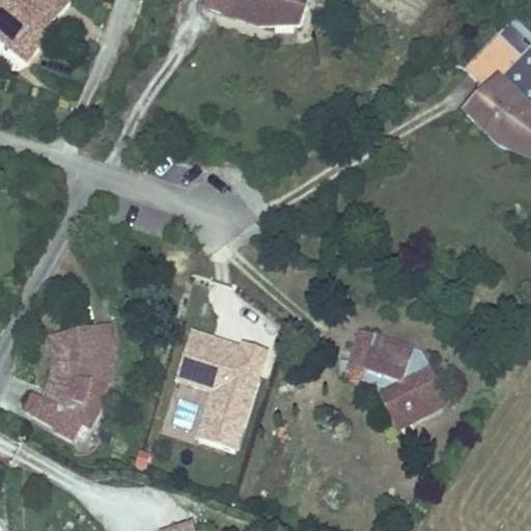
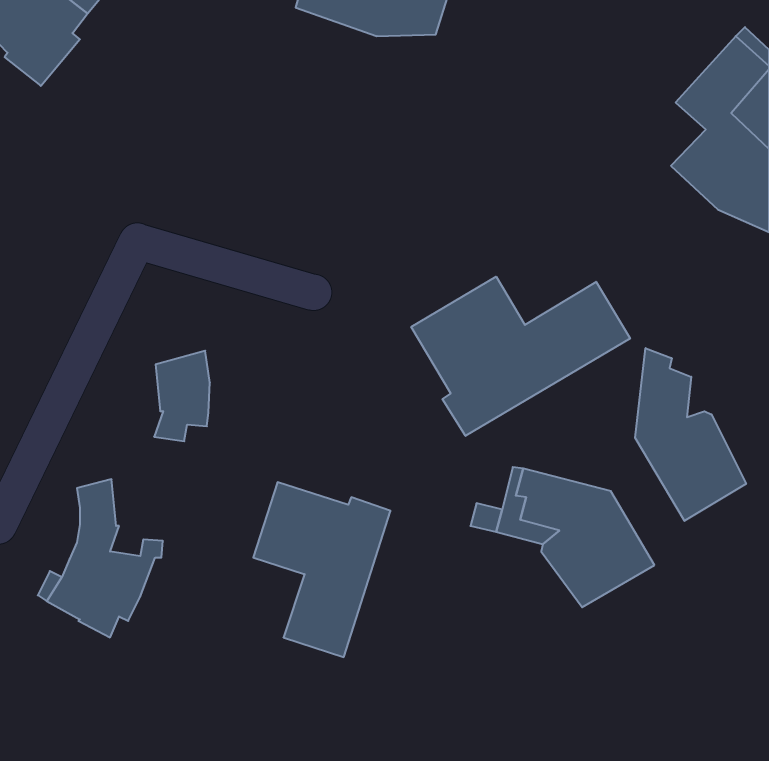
building: none -> [411,277,630,436]
building: none -> [635,348,746,521]
building: [76,320,114,383] -> [154,351,210,441]

